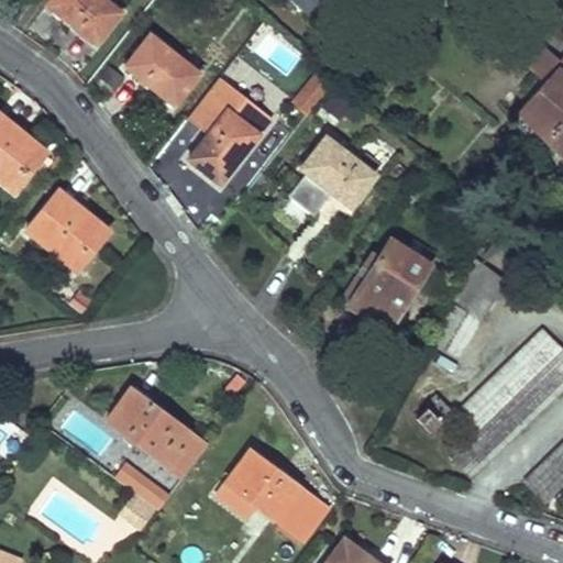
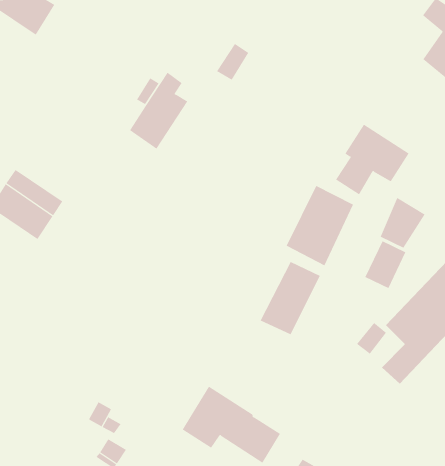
building: [128,36,201,103] -> none
building: [290,139,375,217] -> [335,124,409,195]
building: none -> [260,261,321,335]
building: [107,388,207,477] -> none

